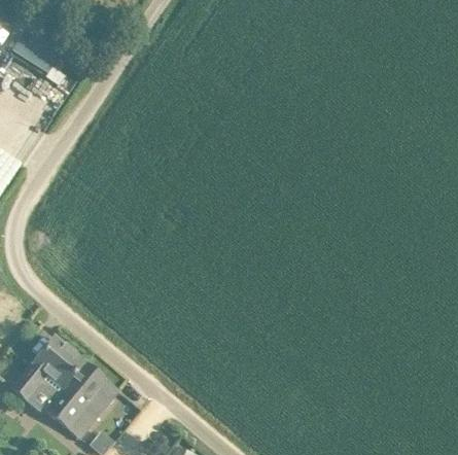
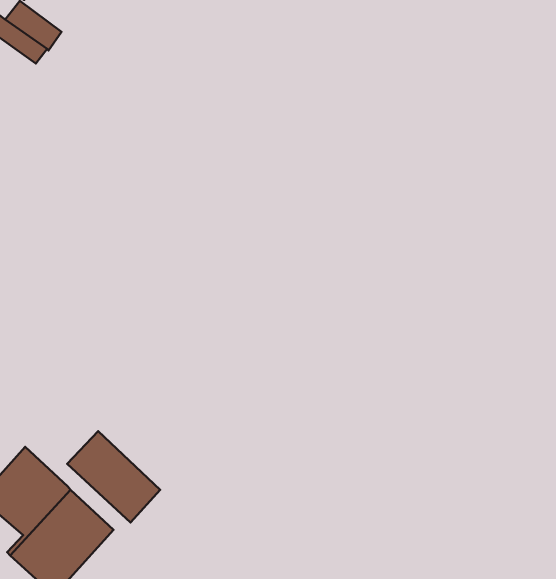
building: none -> [67,431,160,522]

